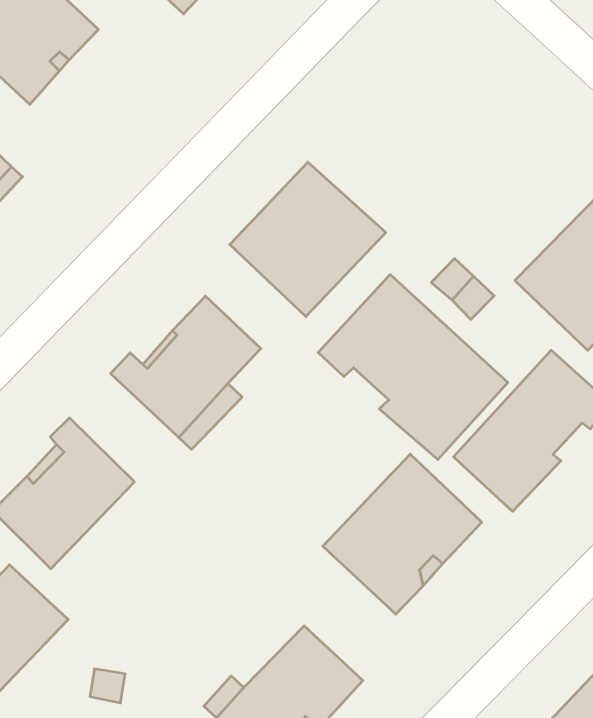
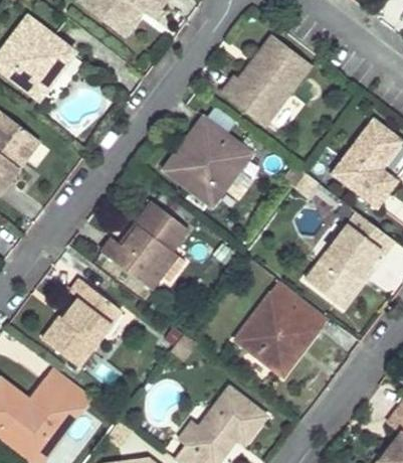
building: none -> [223,36,312,125]
building: [318,275,508,460] -> none

